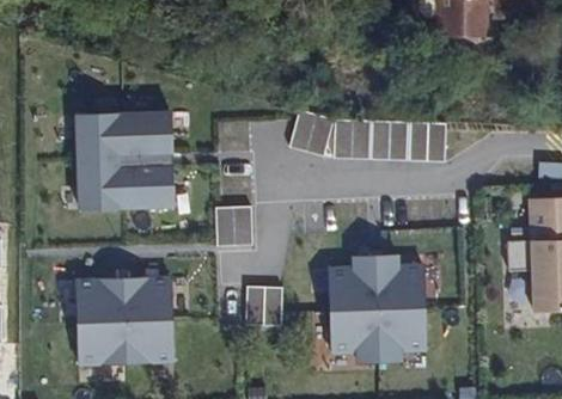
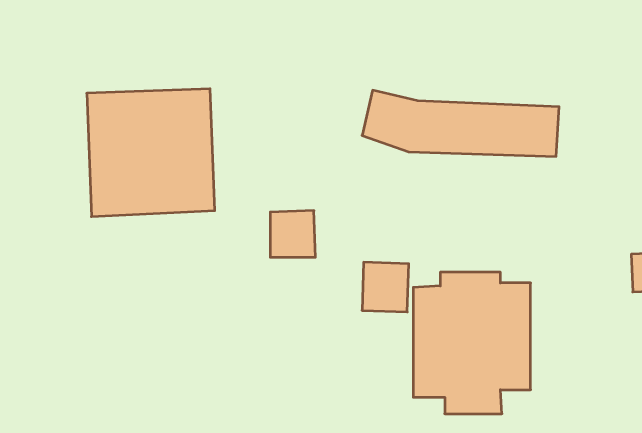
building: [74,275,175,368] -> none
building: [245,286,282,325] -> [362,262,409,312]

